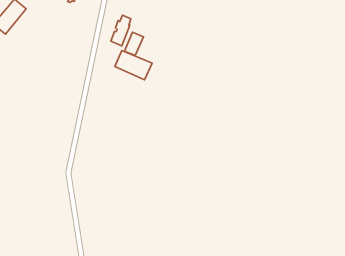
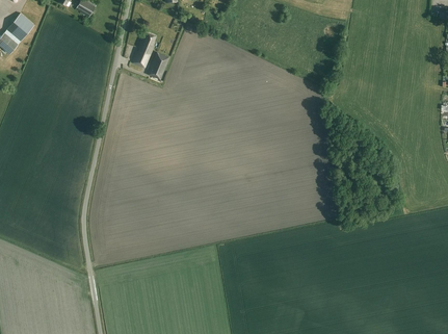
building: [115,51,152,80] -> none

